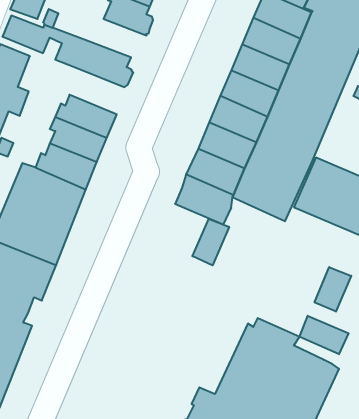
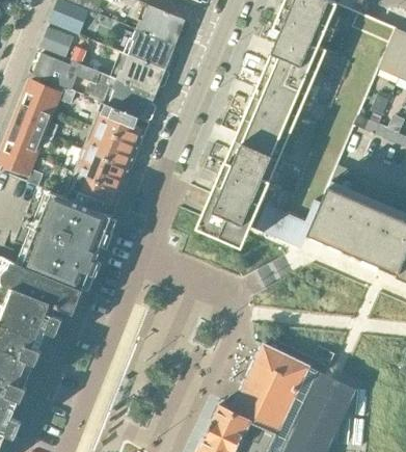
building: none -> [110,52,169,92]
building: none -> [96,102,150,147]
building: [192,219,229,265] -> none
building: [315,267,351,312] -> none
building: [299,316,349,354] -> none

